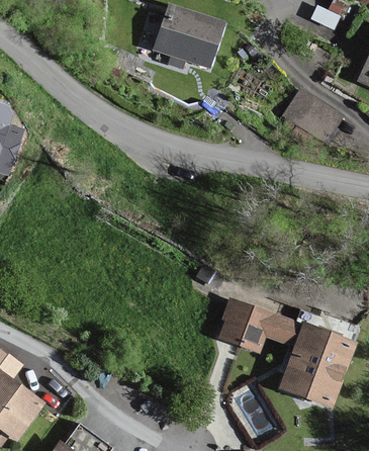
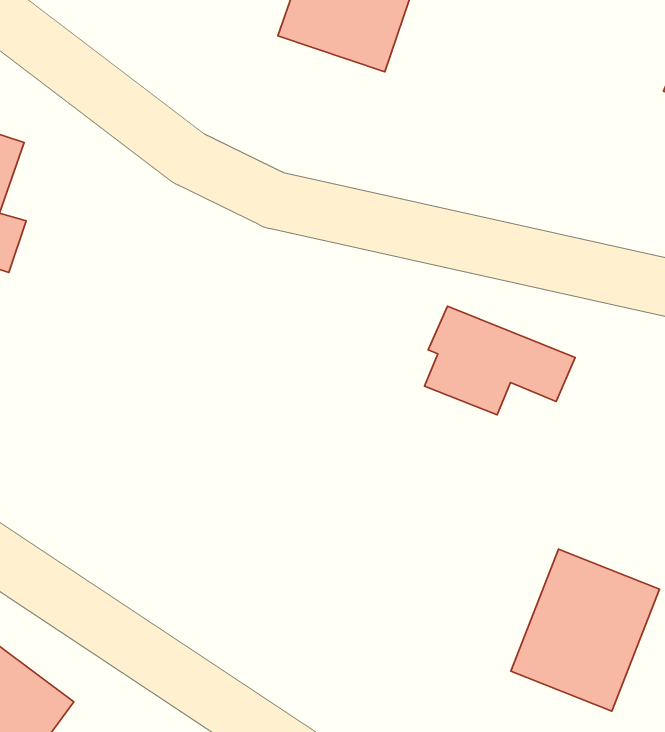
building: [218,297,298,355] -> [424,306,575,415]

